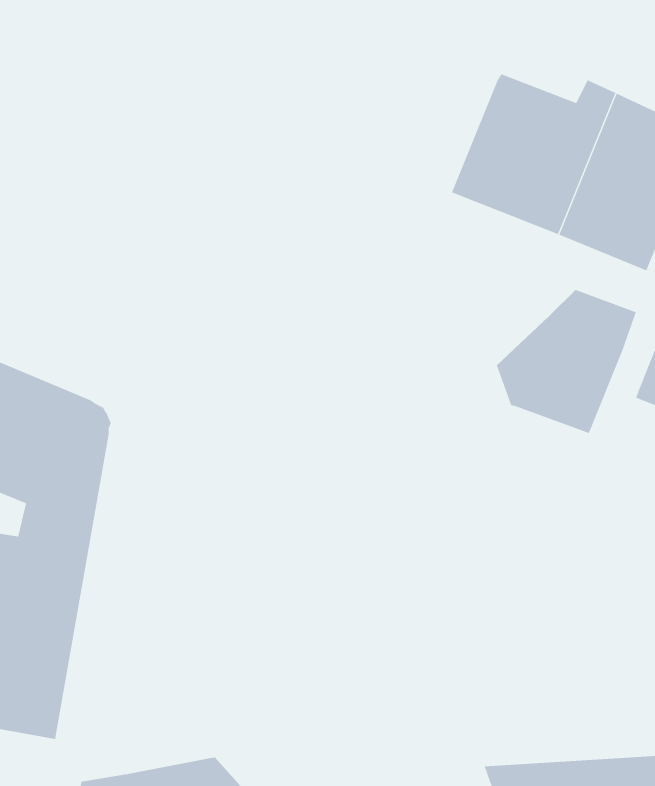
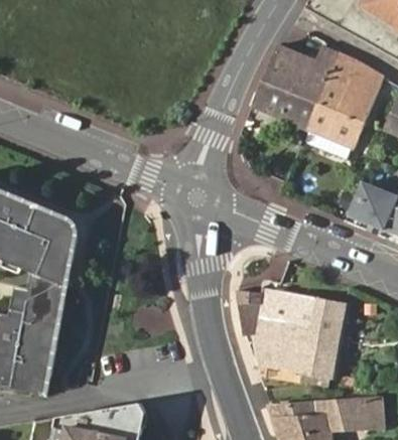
building: [496,289,636,434] -> none
building: none -> [238,289,346,388]

